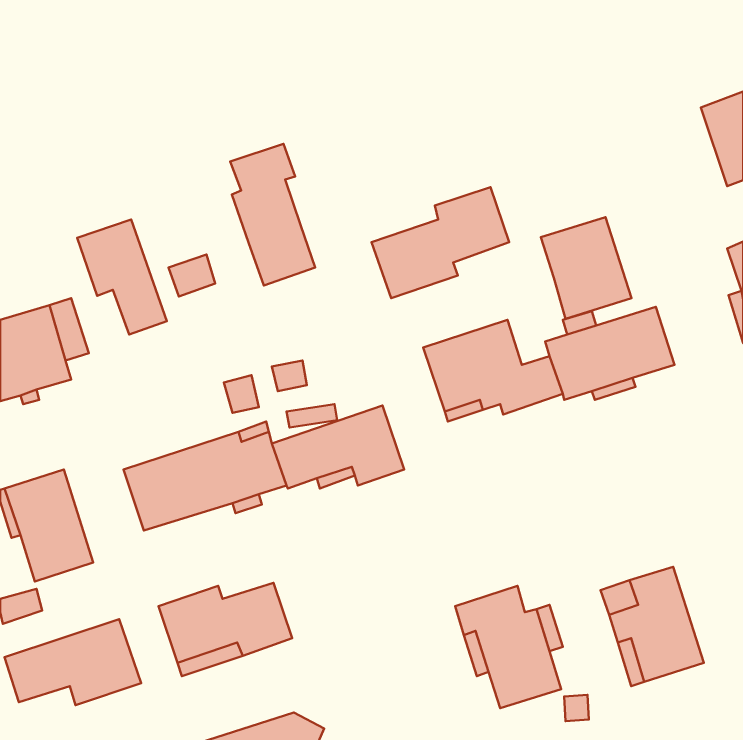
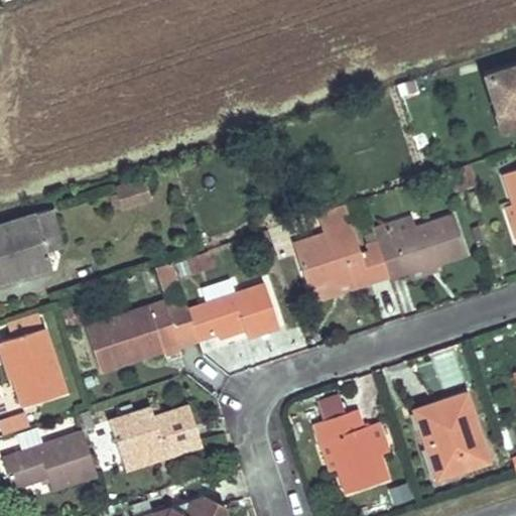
building: [230,144,315,285] -> none
building: [371,187,509,298] -> none
building: [541,217,632,319] -> none
building: [77,219,167,334] -> none

